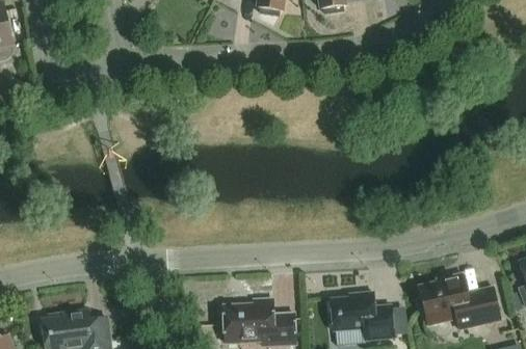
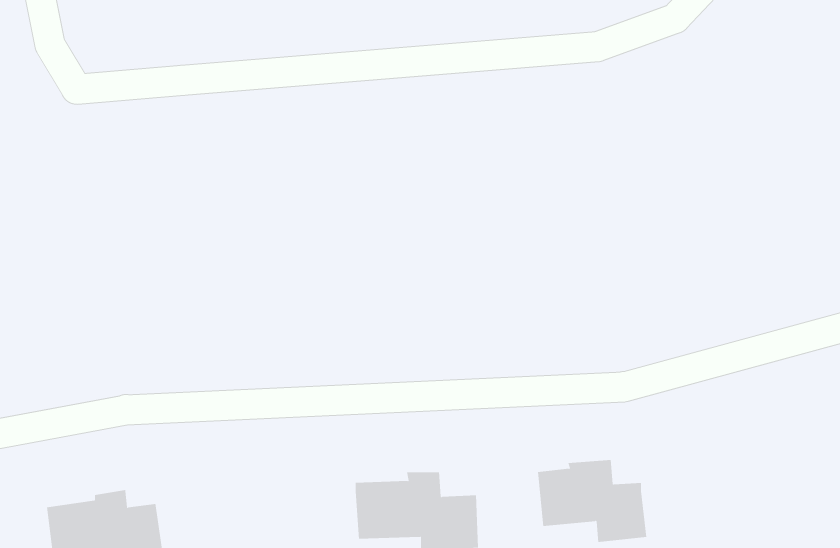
building: [417,272,500,328] -> none

